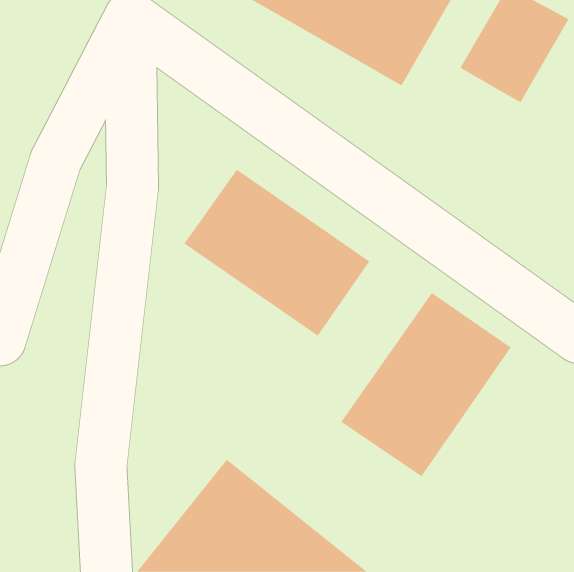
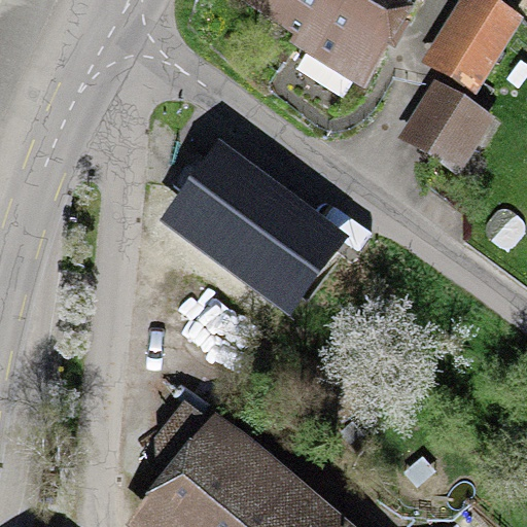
building: none -> [400,81,496,173]
building: [341,292,512,477] -> none

